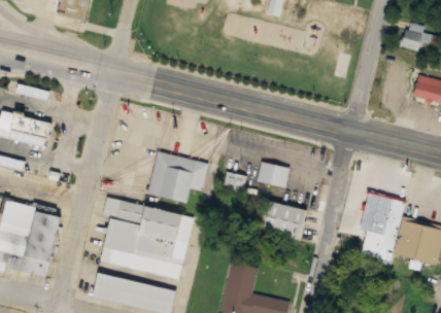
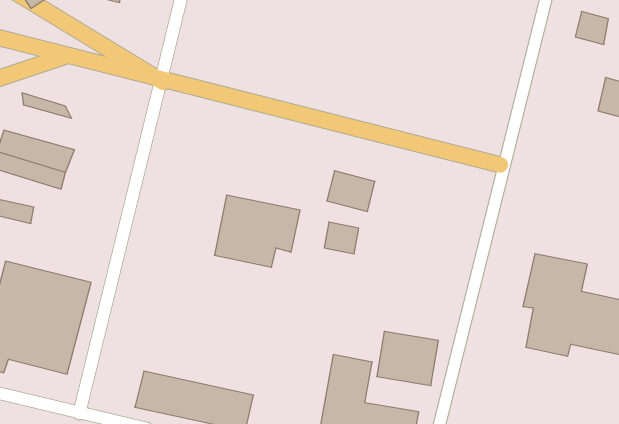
building: [259,162,292,189] -> [327,171,375,211]
building: [104,198,195,280] -> none
building: [268,203,310,240] -> [377,331,438,386]

